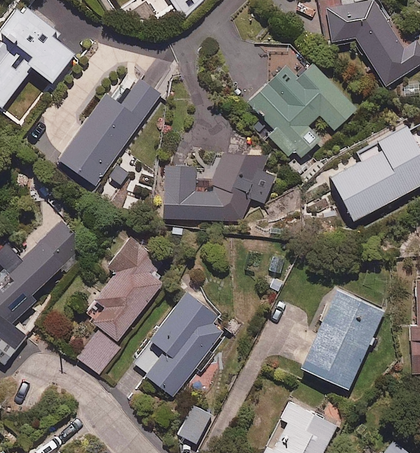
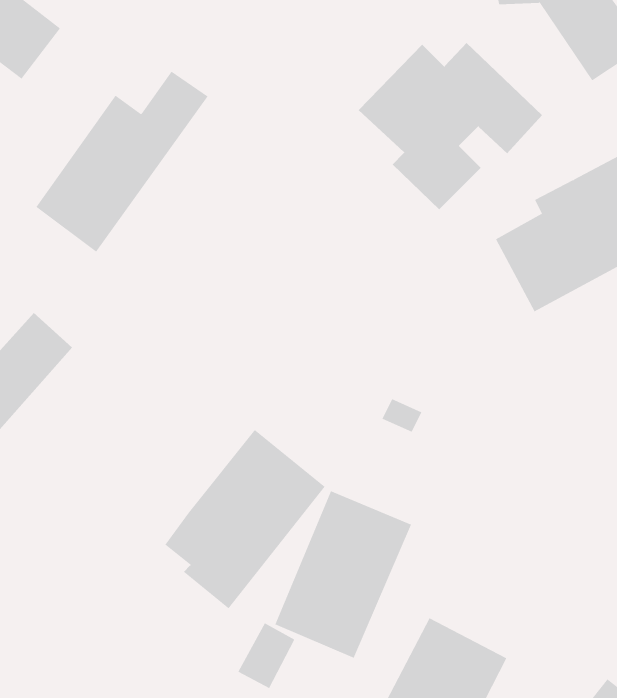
building: [163,153,276,219] -> none
building: [79,235,166,371] -> none
building: [302,290,383,389] -> [275,490,412,659]

